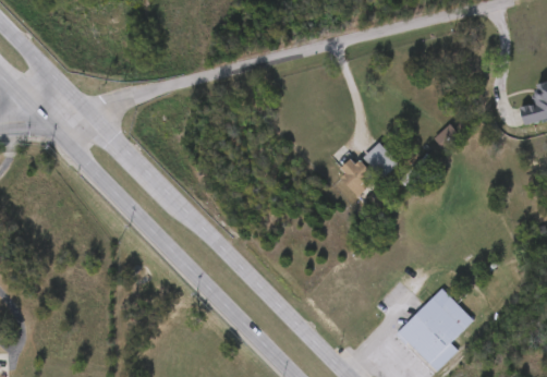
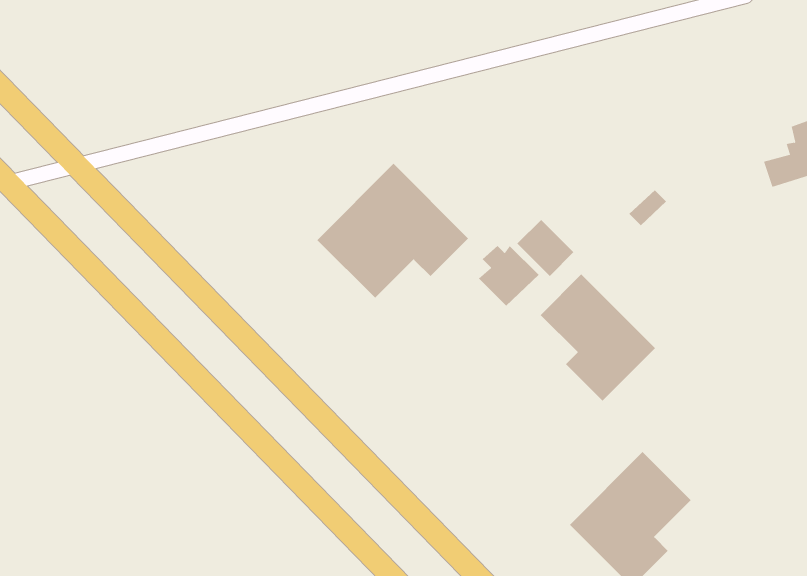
building: none -> [316,163,469,299]
building: none -> [540,274,656,401]

